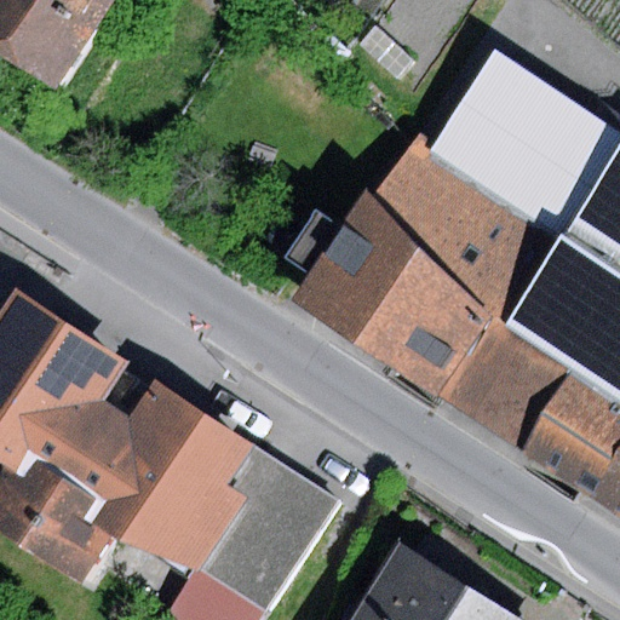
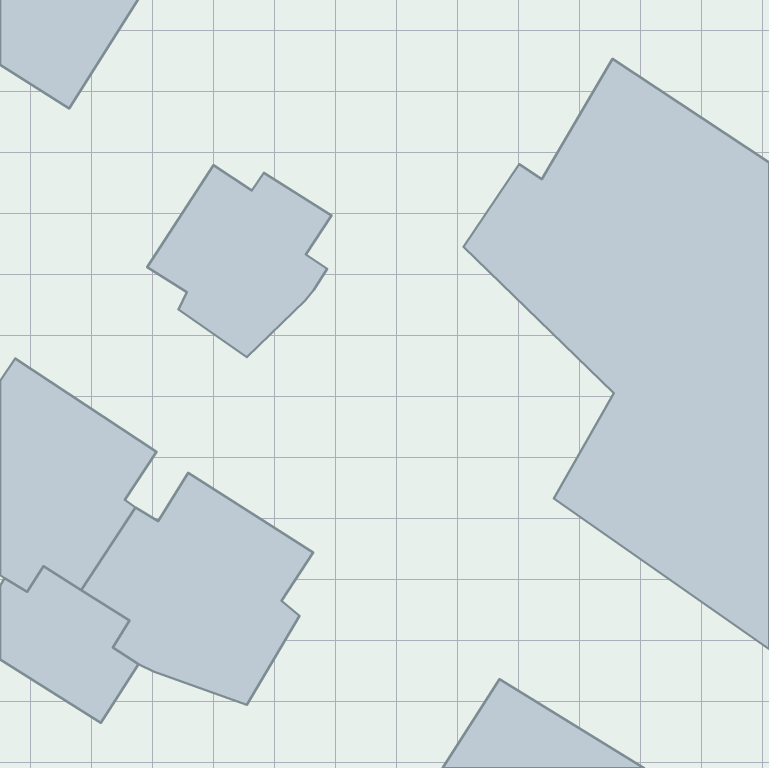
building: none -> [147,165,332,357]
building: [294,189,494,401] -> none
building: [199,455,340,612] -> none

